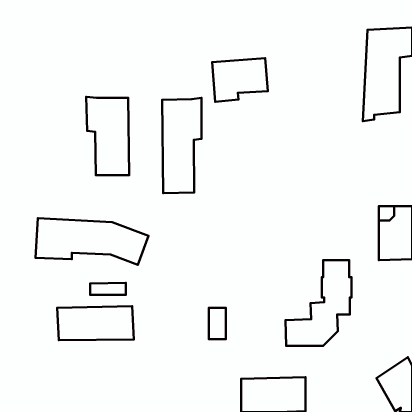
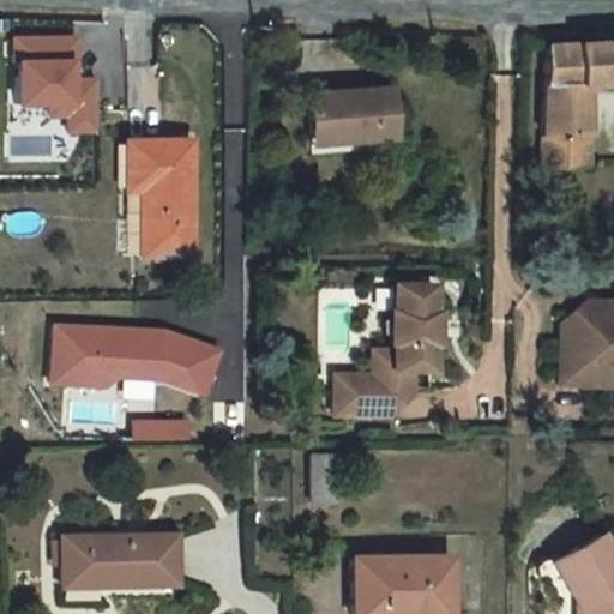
building: none -> [16,36,96,134]
building: [162,98,202,193] -> none
building: [285,260,352,346] -> [341,287,439,414]
building: [57,306,134,340] -> [66,537,180,588]

